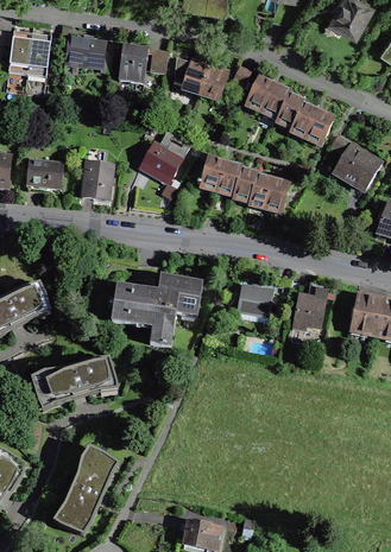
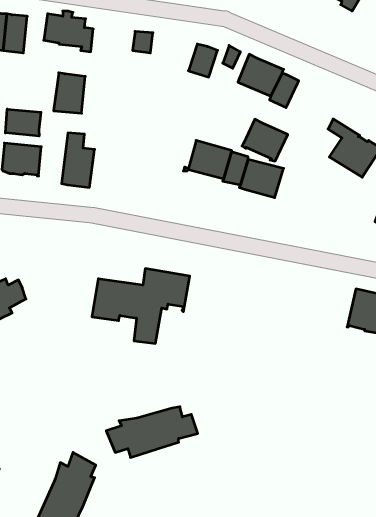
building: [118,44,147,82] -> [54,73,85,113]
building: [172,57,209,90] -> none
building: [291,102,334,141] -> [242,119,288,161]
building: none -> [5,109,41,136]
building: [141,129,190,179] -> none
building: [237,284,273,322] -> none
building: [294,286,327,326] -> none
building: [31,357,116,405] -> [106,407,198,457]

